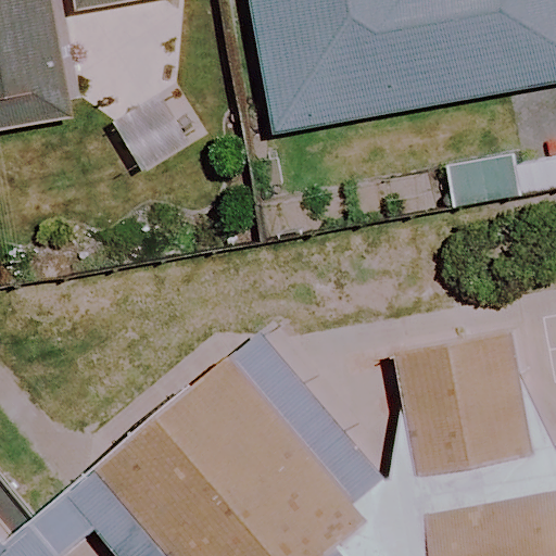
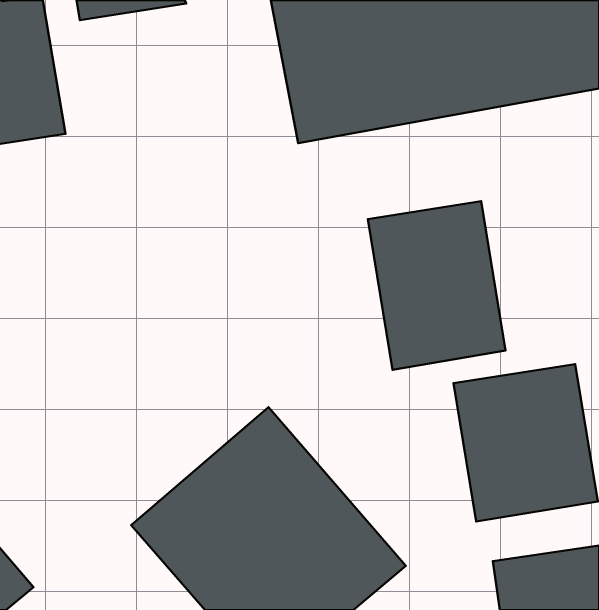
building: none -> [368,201,505,370]

